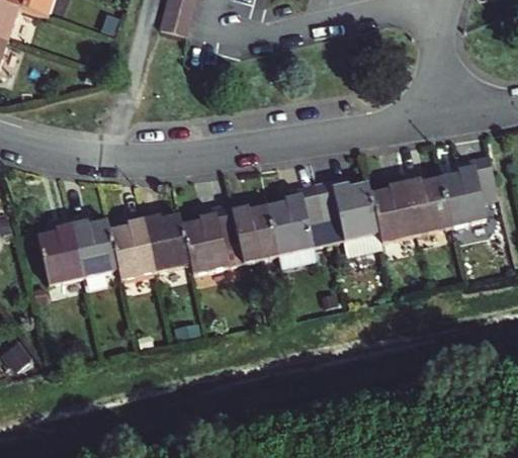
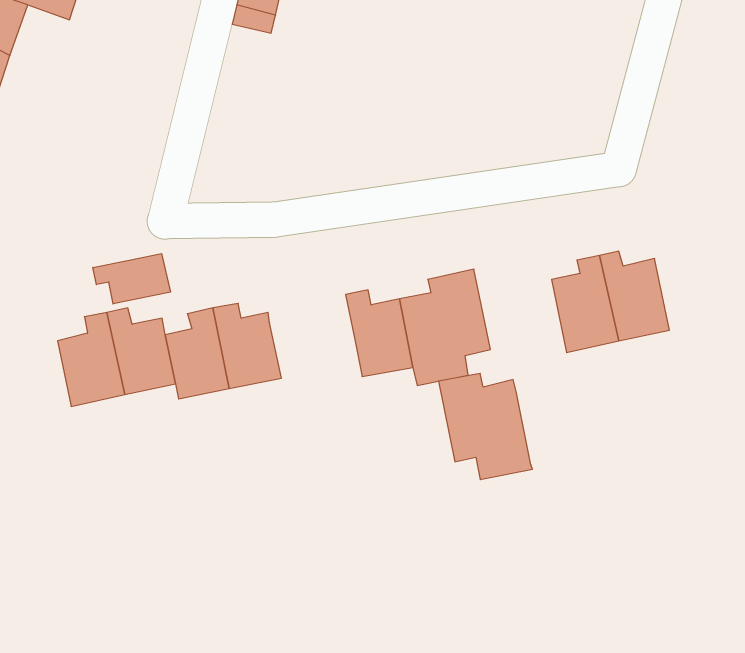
building: [445,160,501,228] -> none
building: none -> [93,254,170,304]
building: [323,182,386,254] -> [438,374,532,480]
building: [184,204,242,272] -> none

